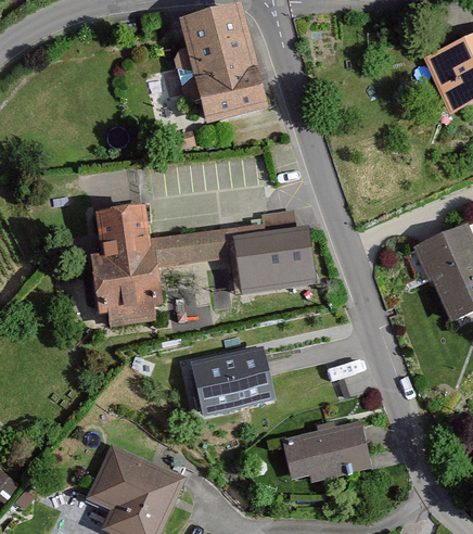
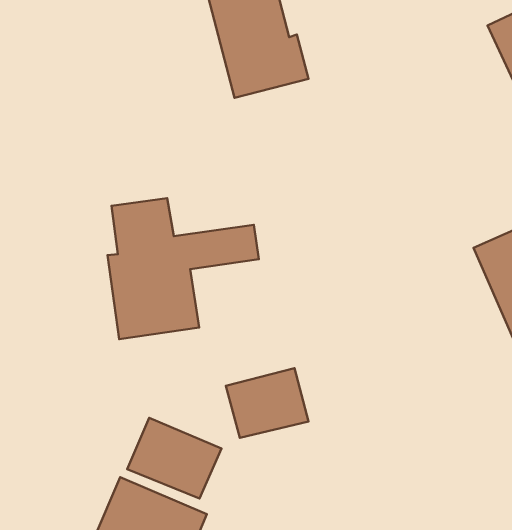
building: [234,225,316,293] -> none
building: none -> [127,418,221,499]
building: [281,418,370,483] -> none

